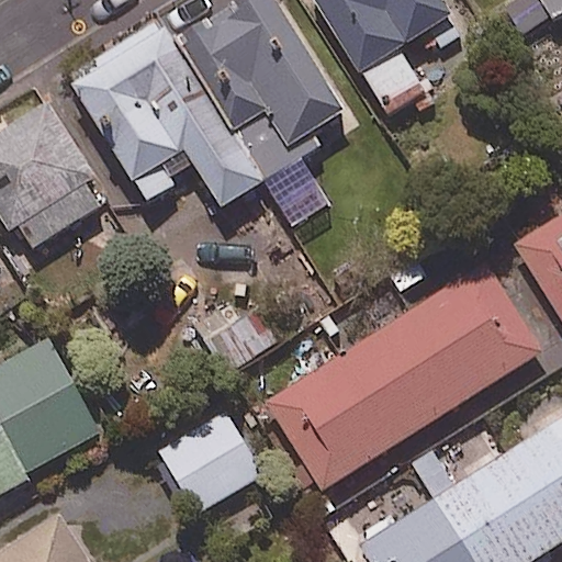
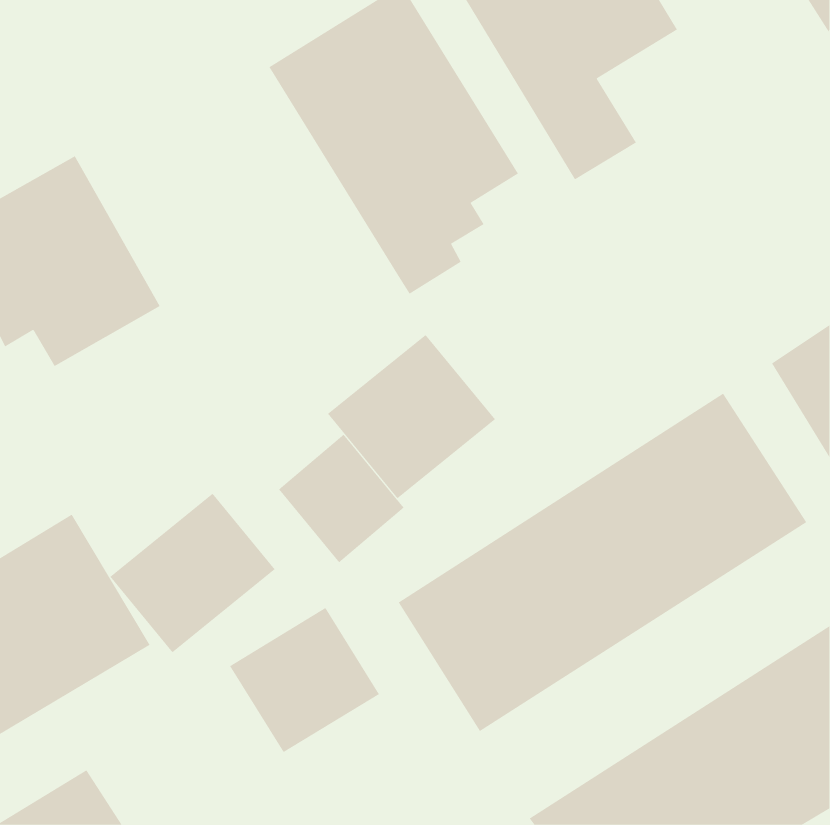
building: [71,26,267,213] -> none
building: none -> [327,334,496,499]
building: none -> [109,493,276,653]

